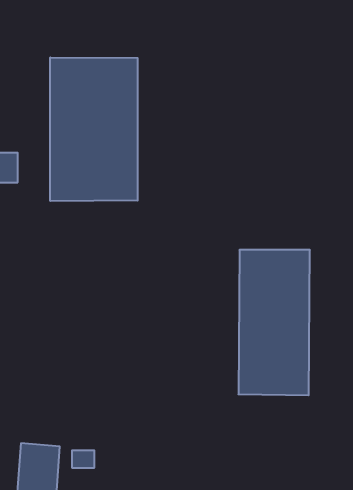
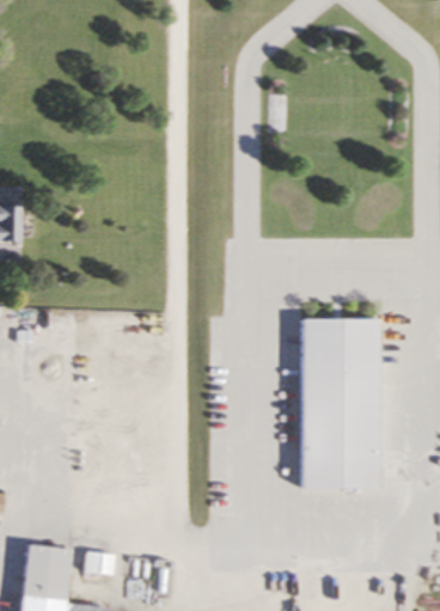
building: [50,57,138,201] -> none

